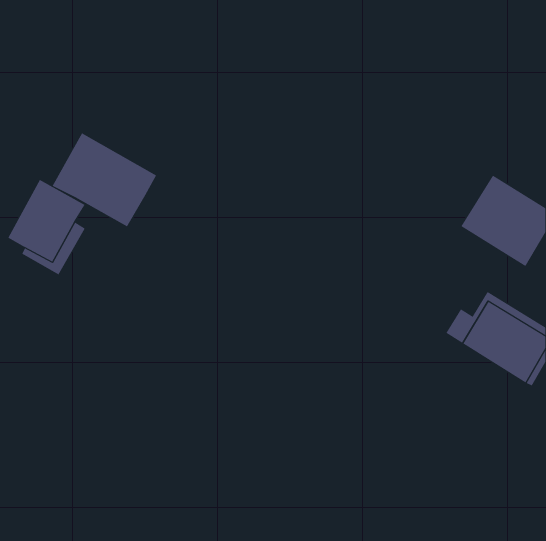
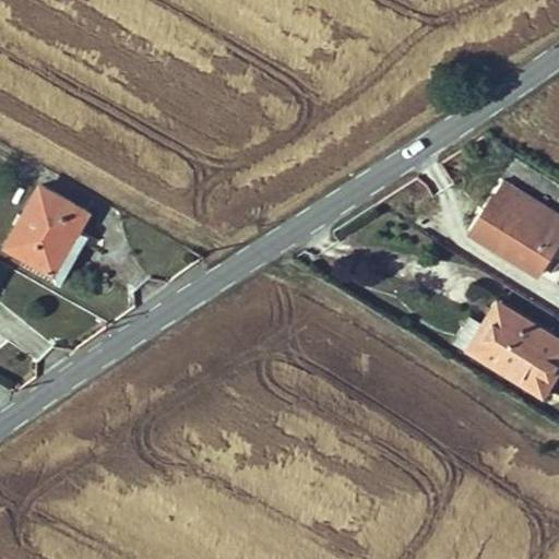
building: [52,132,157,227] -> none

